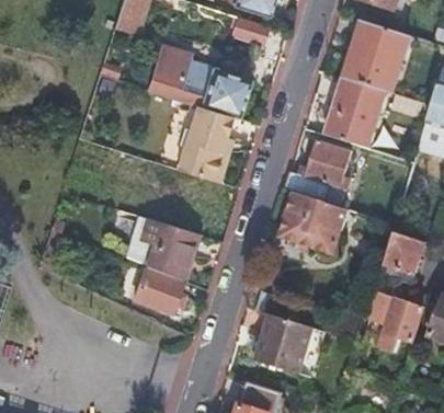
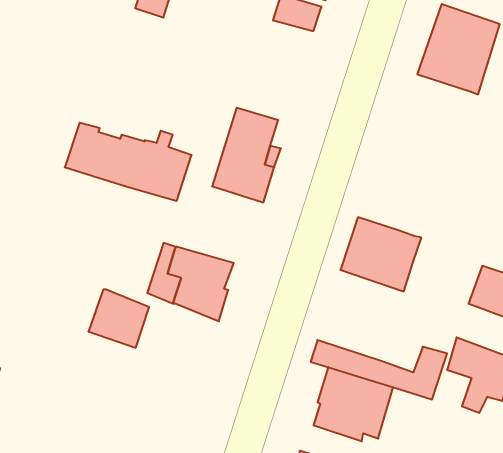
building: [146,53,249,116] -> [65,123,192,201]
building: [323,77,386,148] -> none
building: [283,141,351,208] -> none
building: [132,263,181,310] -> [88,290,149,348]

